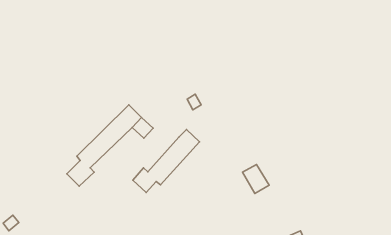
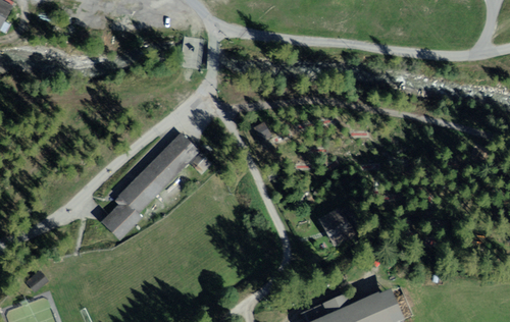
building: [133,130,200,192] -> none

